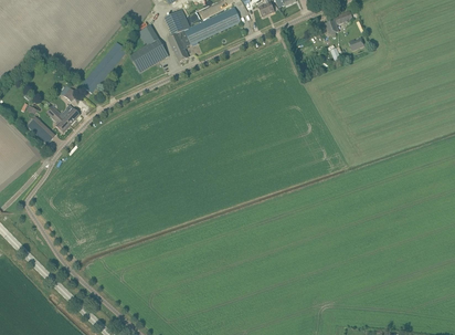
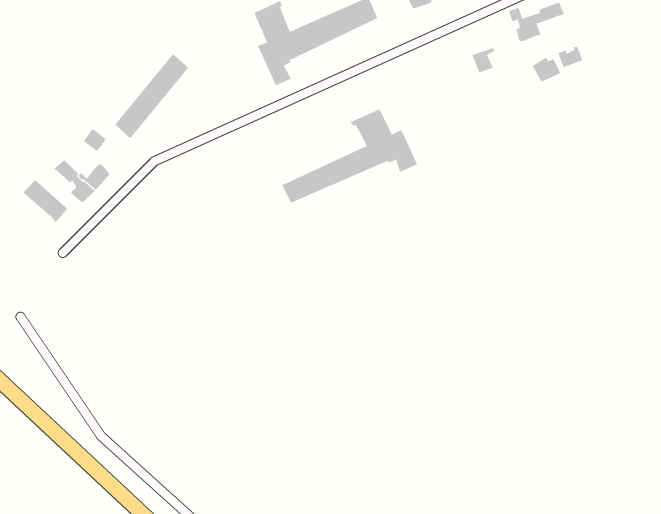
building: [130,39,169,72] -> none
building: none -> [281,109,418,204]

